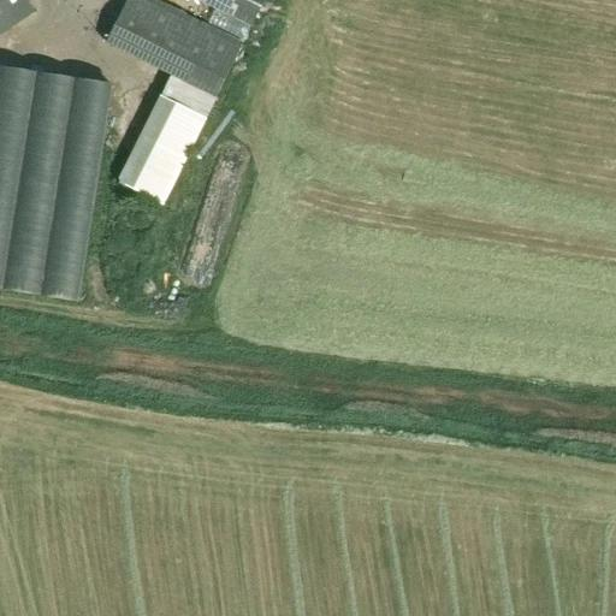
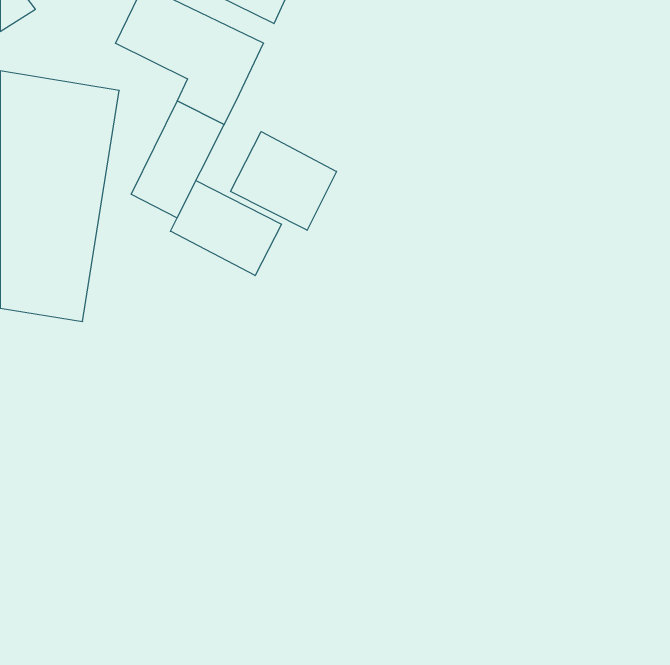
building: none -> [231,132,337,230]
building: none -> [170,181,281,276]

